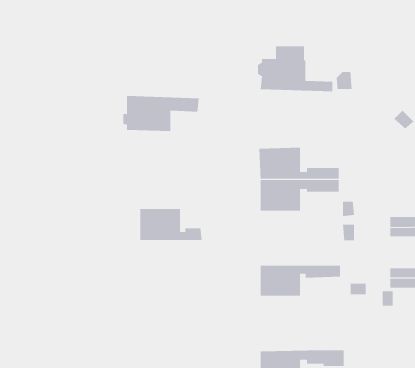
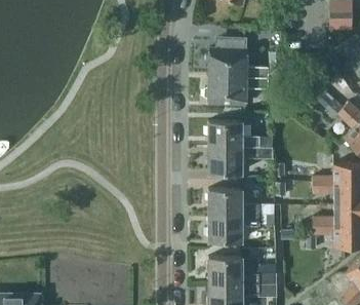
building: [122,96,200,132] -> [206,75,268,104]
building: [140,208,203,241] -> [209,190,259,216]
building: none -> [209,258,277,284]

